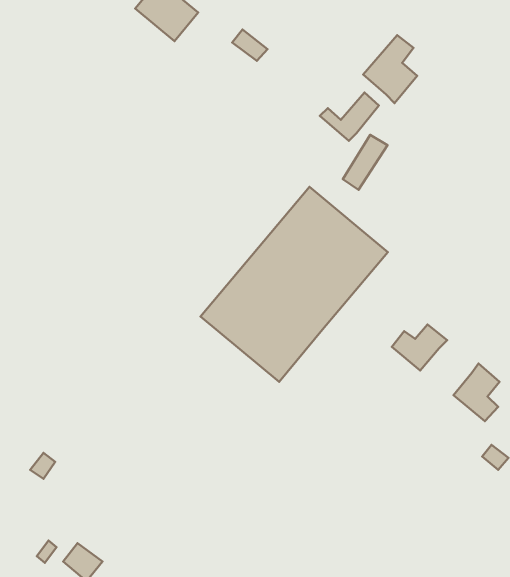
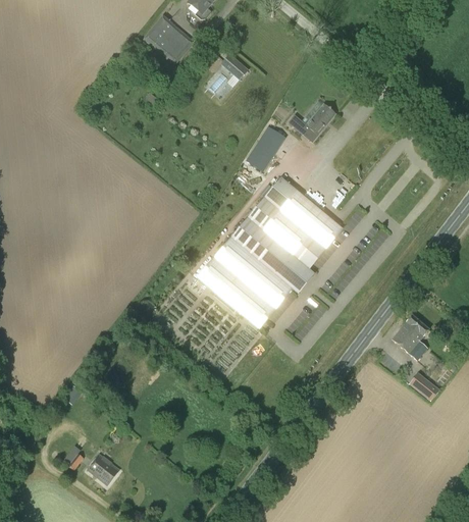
building: [363,35,417,103] -> none
building: [343,135,387,190] -> [241,129,275,172]
building: [392,324,447,371] -> none

